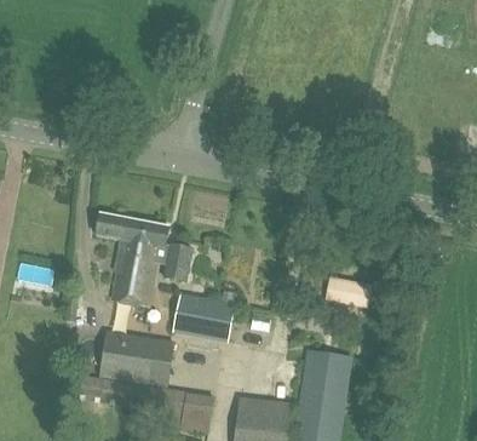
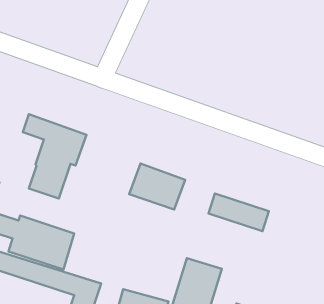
building: [162,242,192,282] -> none
building: [172,292,234,339] -> [129,164,185,210]

